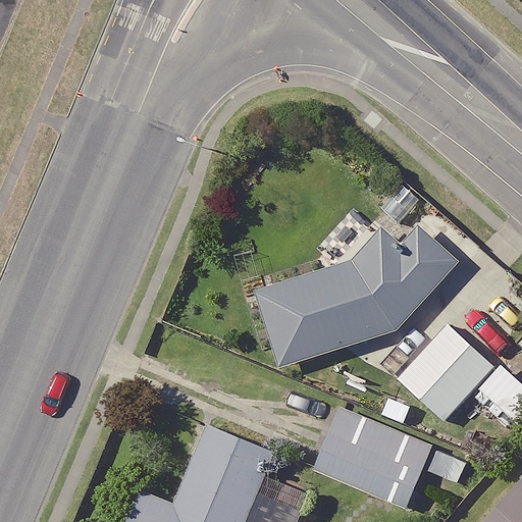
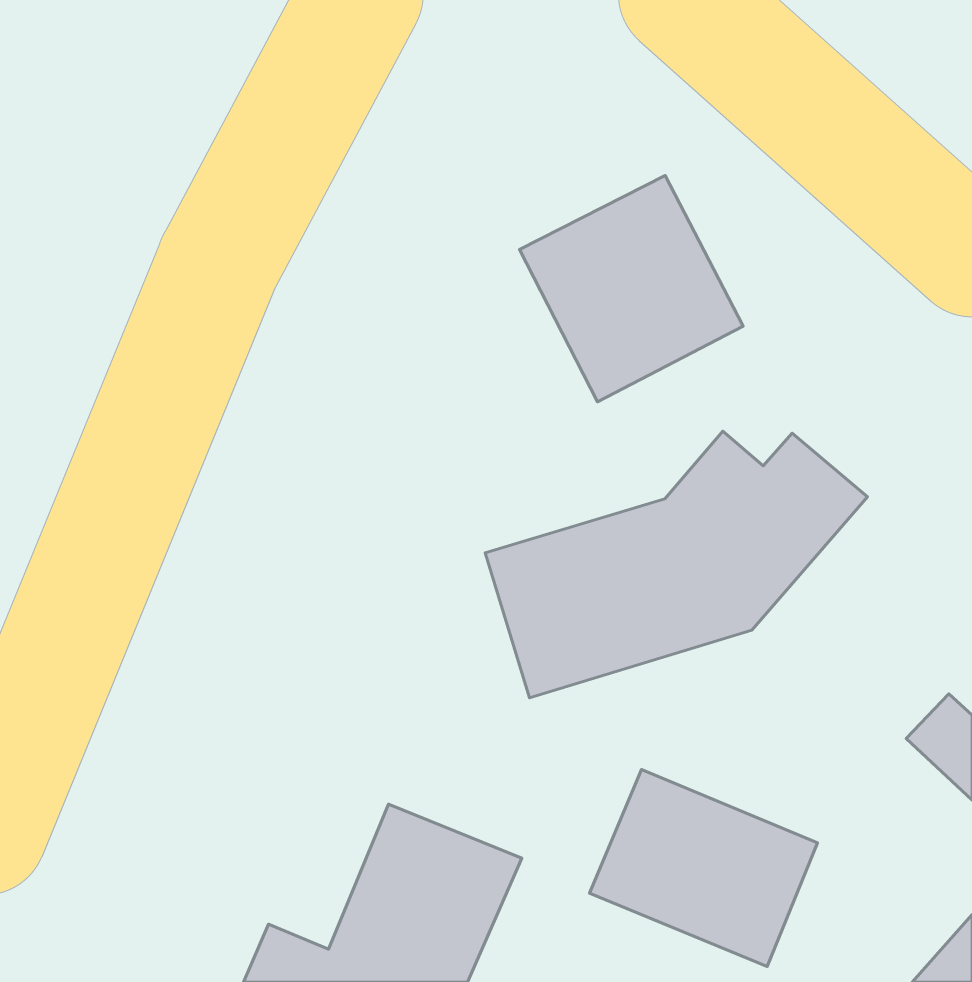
building: none -> [519,176,743,402]
building: [396,323,492,420] -> none

